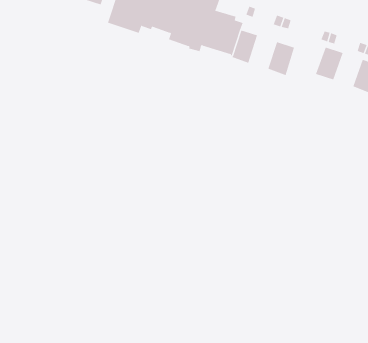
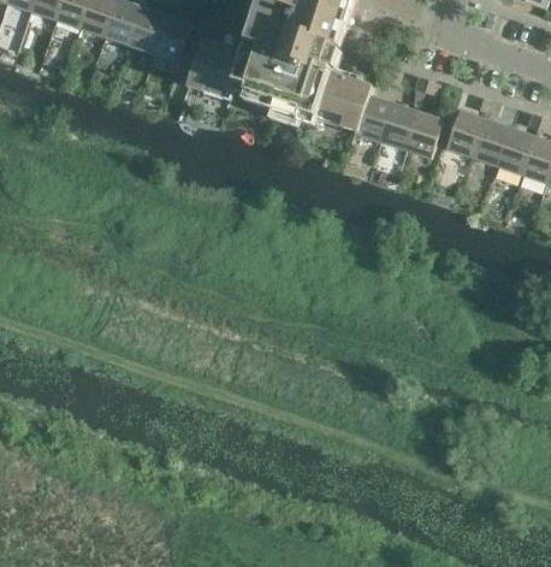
building: none -> [379,102,416,148]
building: none -> [445,110,482,155]
building: none -> [494,126,533,172]

